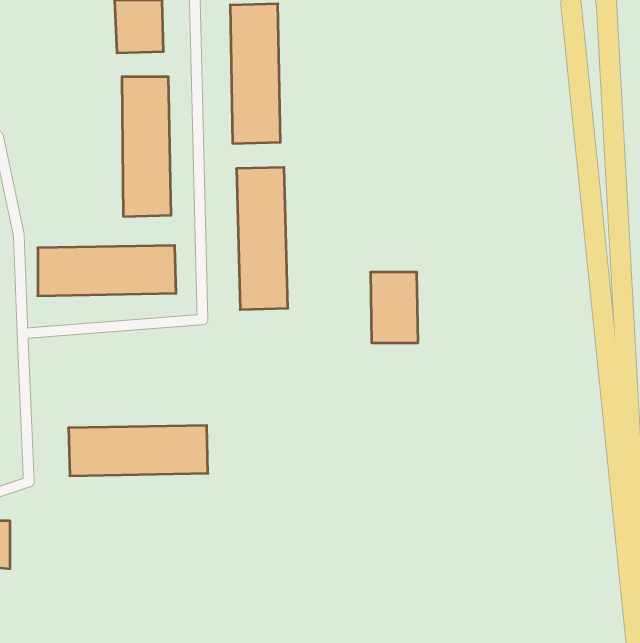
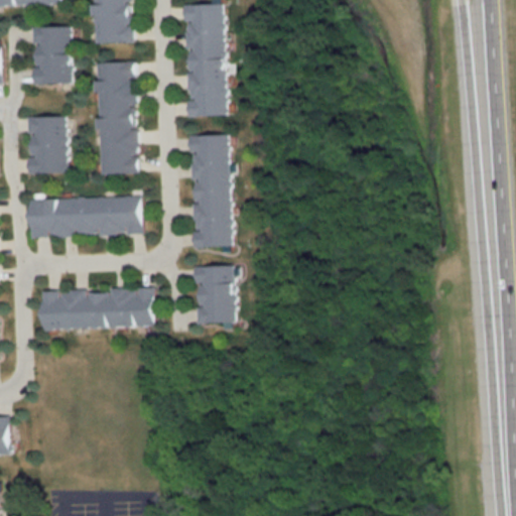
building: none -> [33,27,71,83]
building: none -> [27,116,66,172]
building: [370,272,418,343] -> [196,266,234,322]
building: [68,425,208,476] -> [42,288,154,329]

